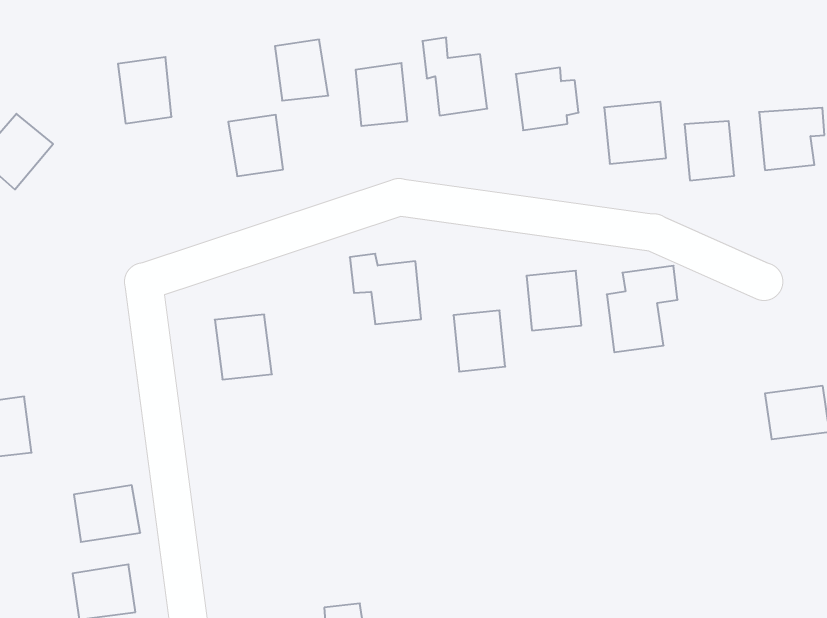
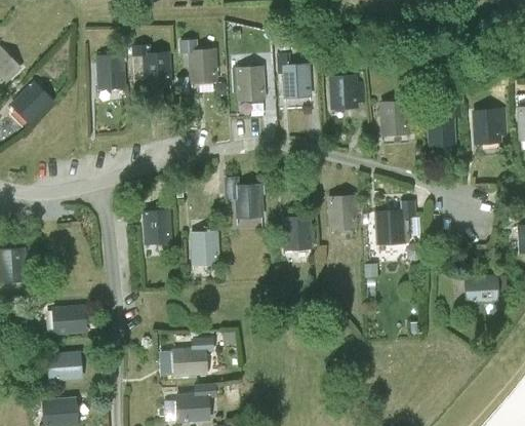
building: [228,115,283,176] -> [139,50,170,85]
building: none -> [189,232,219,268]
building: none -> [172,339,212,379]

